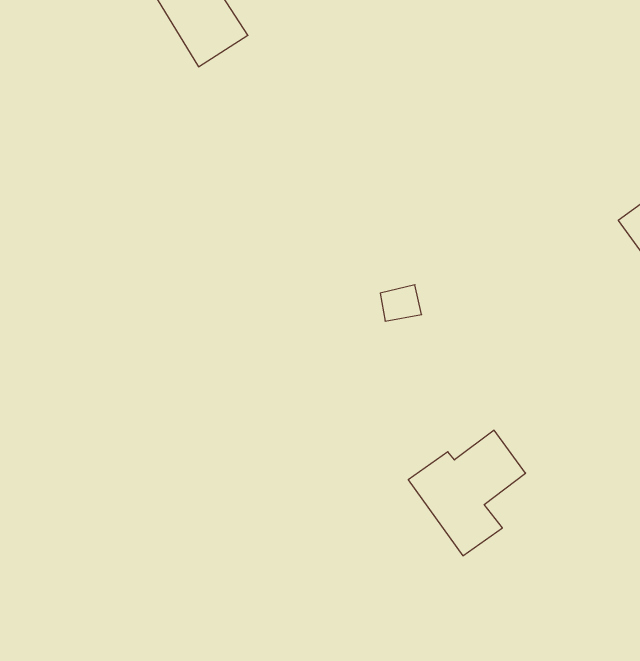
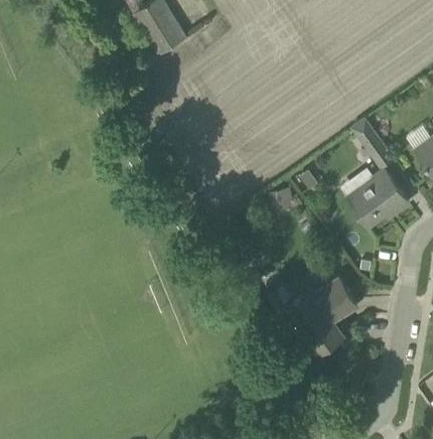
building: none -> [350,118,395,169]
building: none -> [347,170,410,228]

